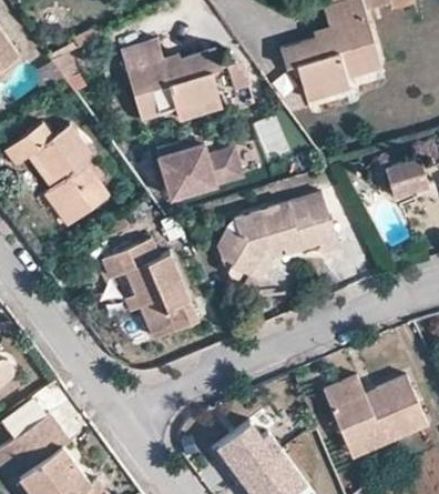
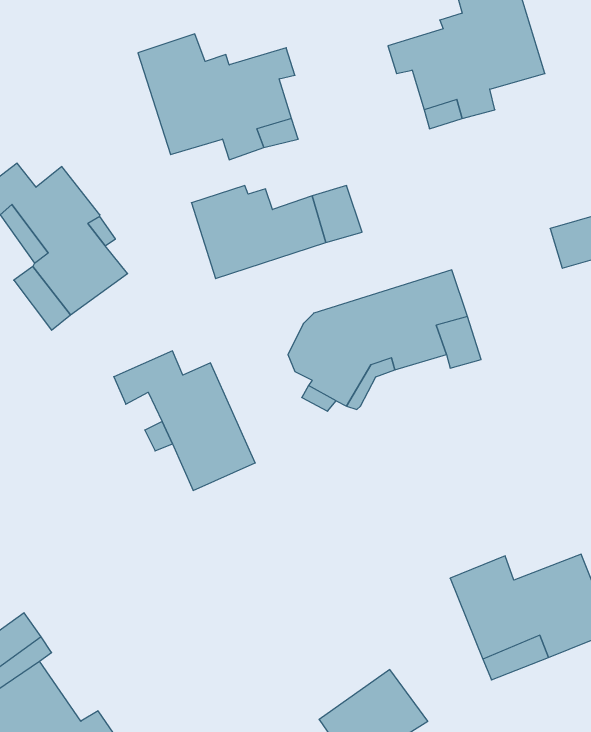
building: [213,421,283,482] -> none

